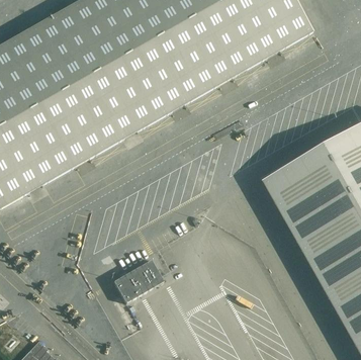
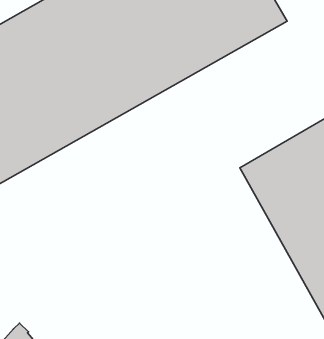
building: [114,258,165,301] -> none

